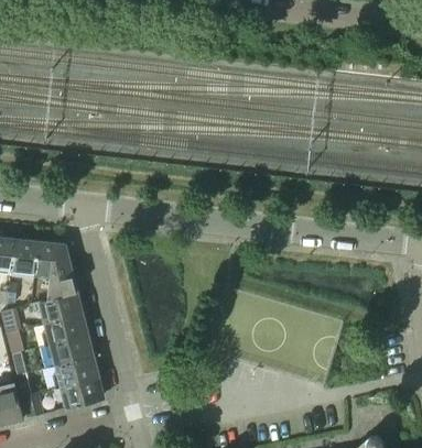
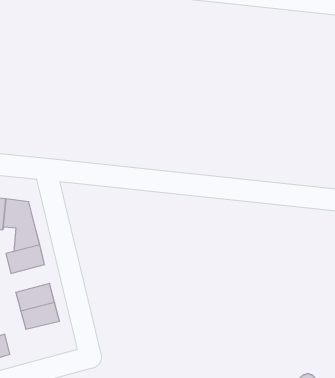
building: [44,315,87,346] -> none
building: [61,378,104,408] -> none

